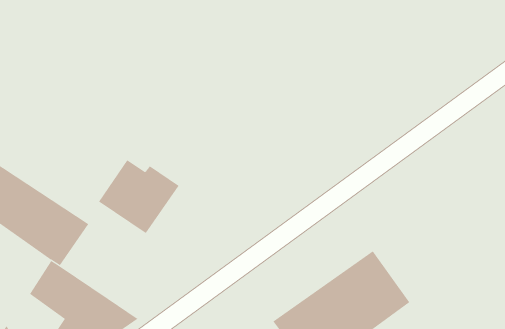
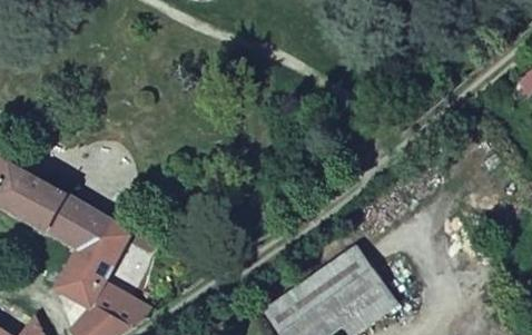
building: [98,159,180,234] -> [75,219,150,288]

